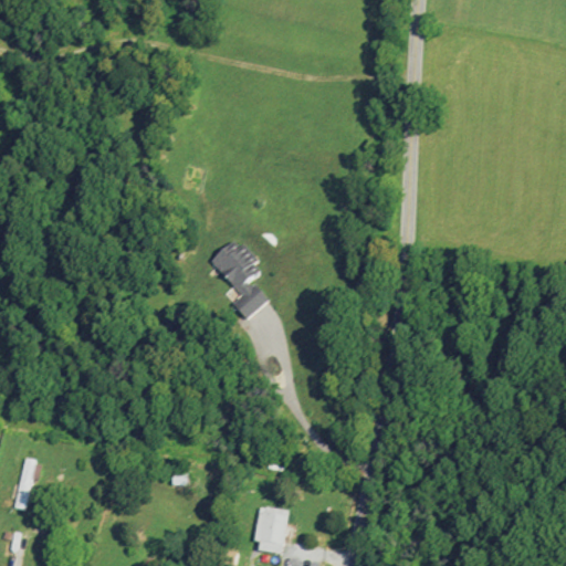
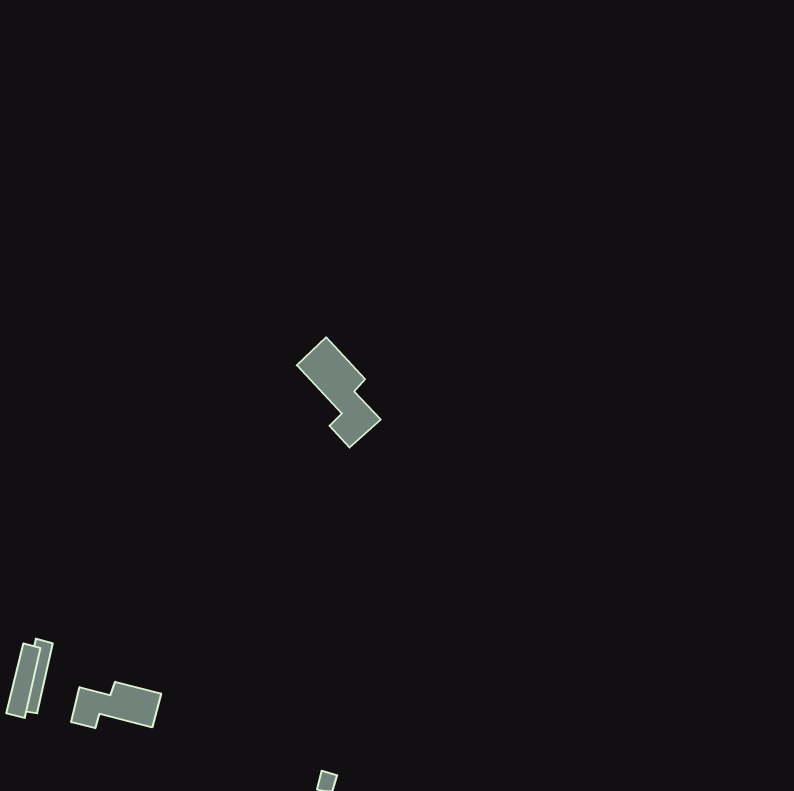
building: none -> [71,682,161,728]
building: [255,505,291,554] -> none

